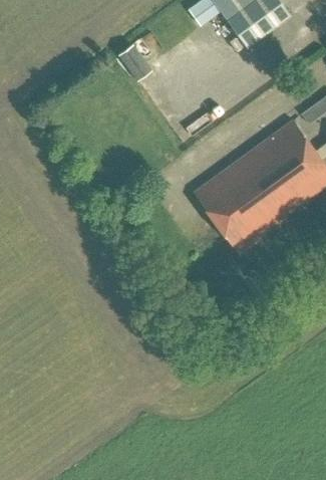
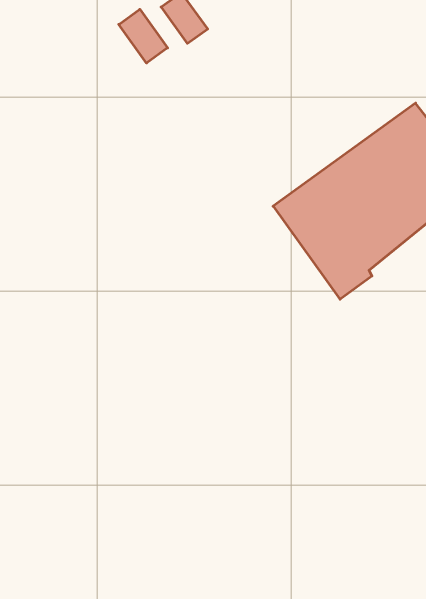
building: none -> [119,9,168,63]

